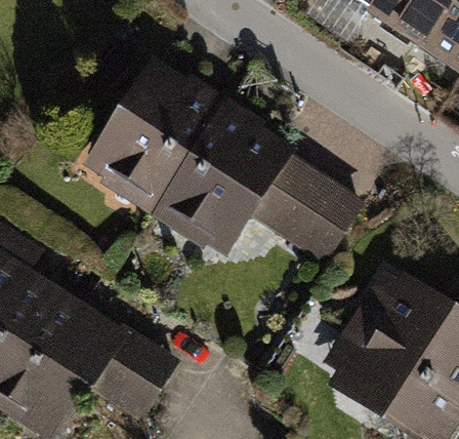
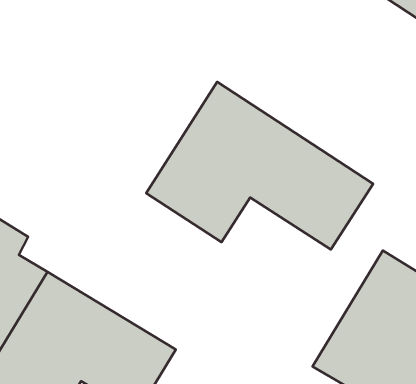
building: [81,57,221,211] -> none

